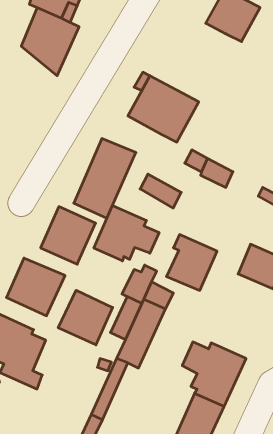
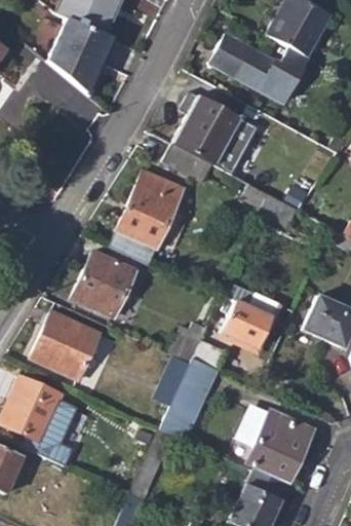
building: none -> [209,32,308,103]
building: [140,174,181,208] -> [165,144,213,184]
building: [94,206,159,261] -> none
building: [58,290,113,345] -> none

